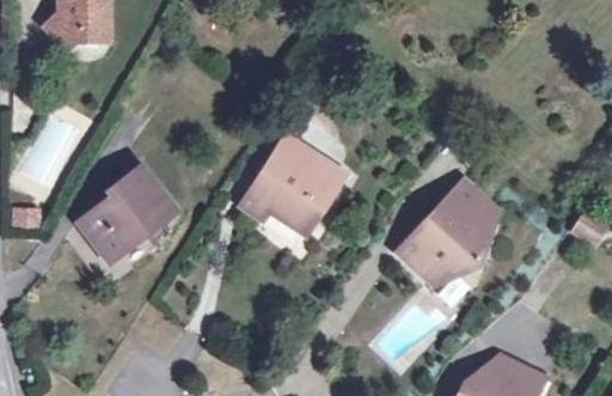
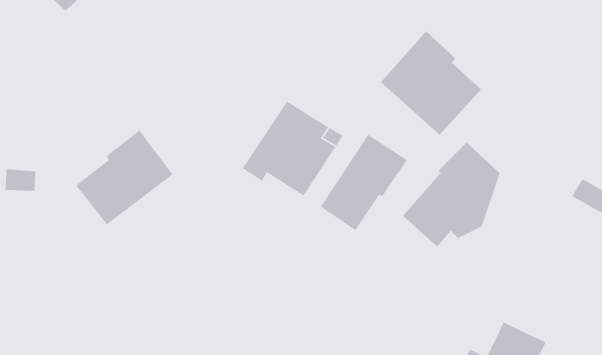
building: none -> [380,30,482,135]
building: none -> [320,134,408,231]

